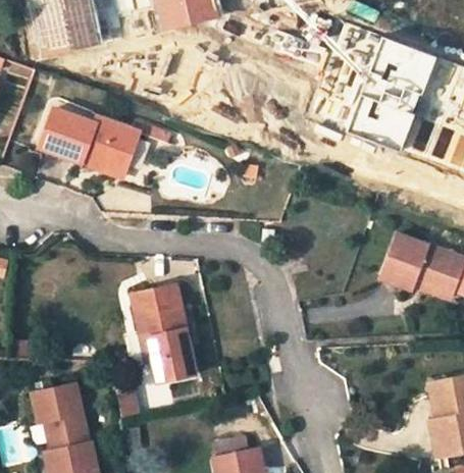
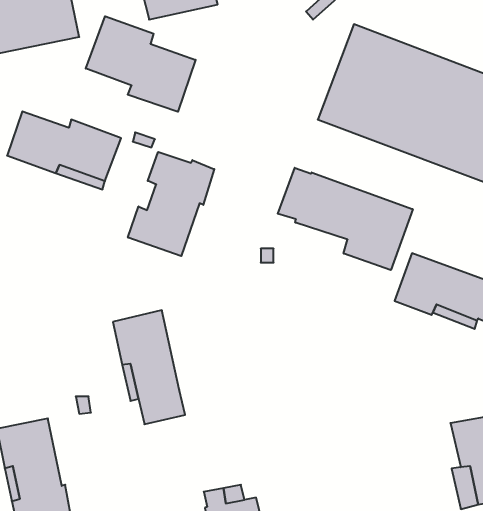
building: none -> [86,16,196,112]
building: none -> [128,152,214,256]
building: none -> [278,168,413,270]

